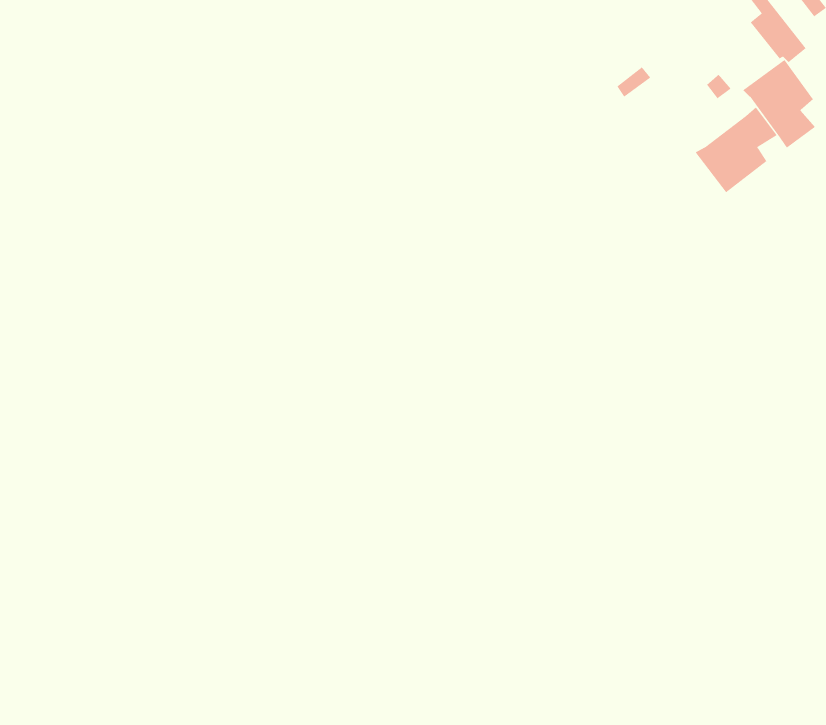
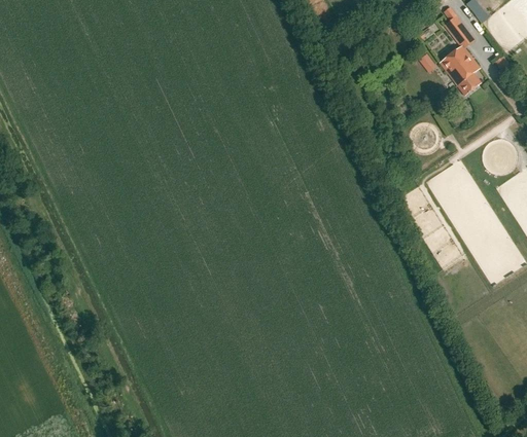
building: [695,107,777,193] -> none

